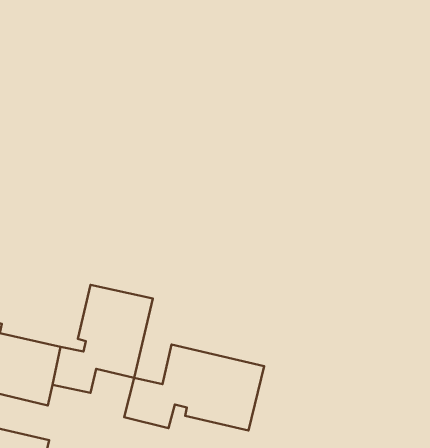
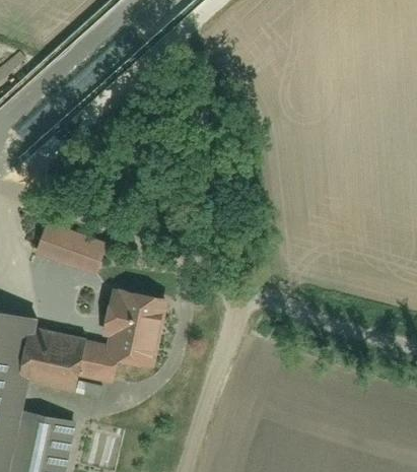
building: none -> [38,223,107,274]
building: [124,345,264,430] -> none

